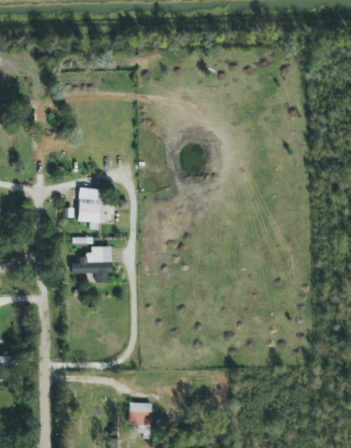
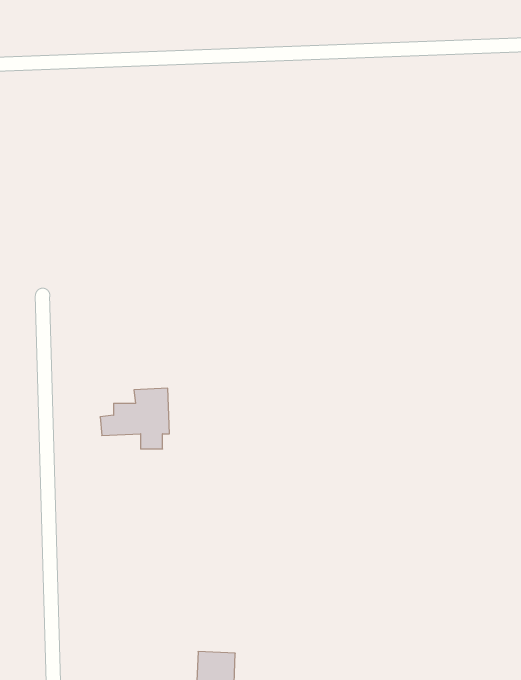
building: [78,188,101,230] -> none

